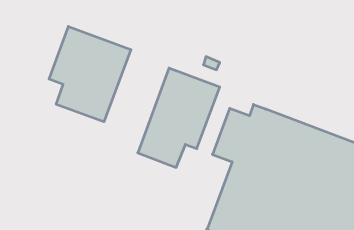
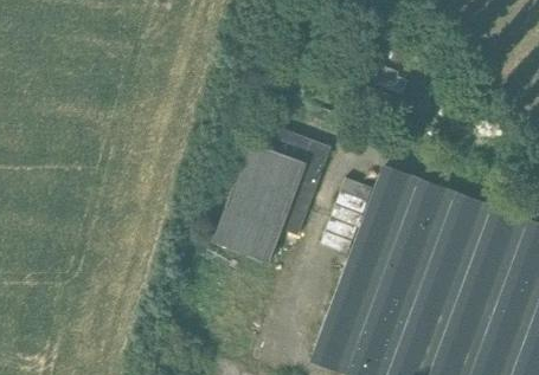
building: [49,26,131,122] -> none

